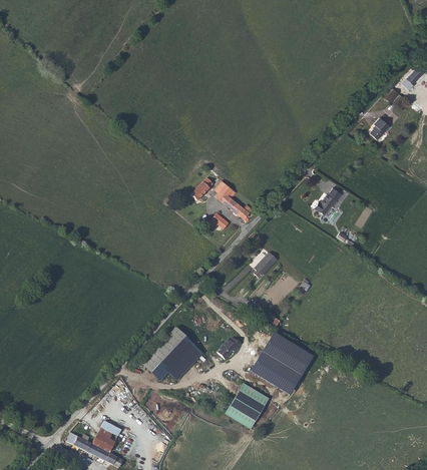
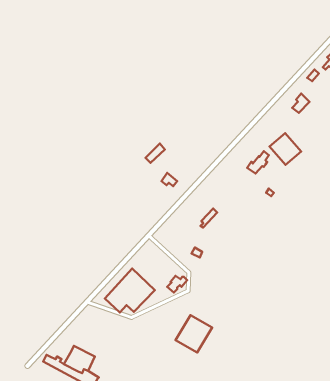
building: none -> [269,133,301,165]
building: [216,183,253,221] -> none
building: [253,332,315,394] -> none

